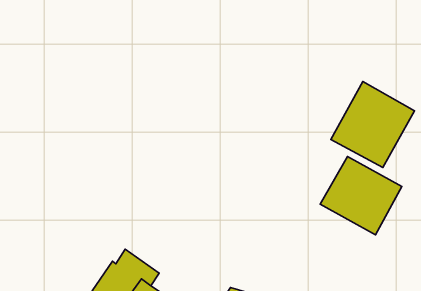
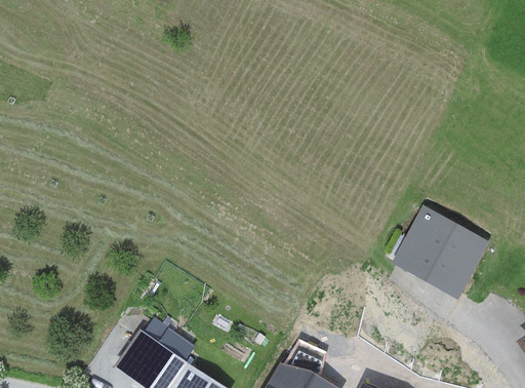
building: [331,82,414,167] -> none

